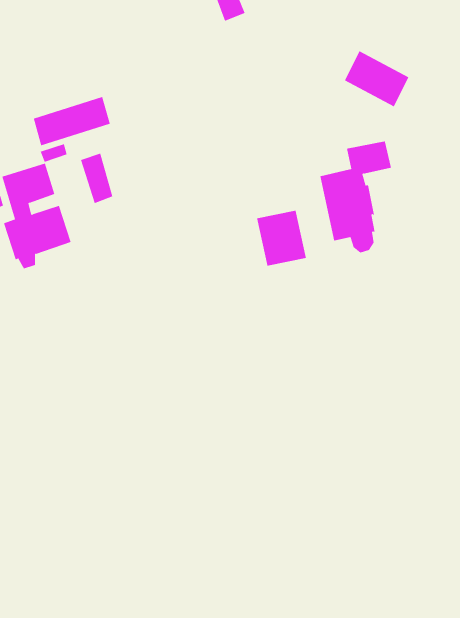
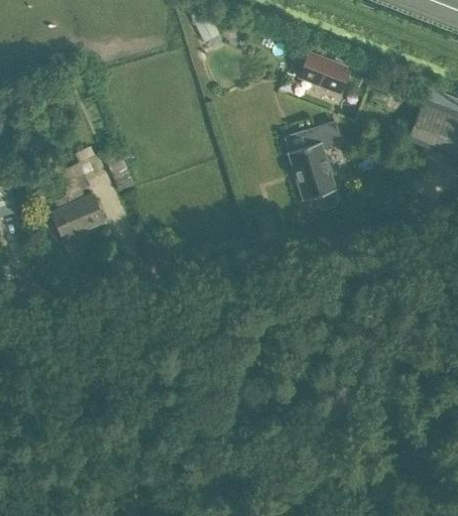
building: [33,96,110,146] -> none
building: [256,210,307,267] -> none

